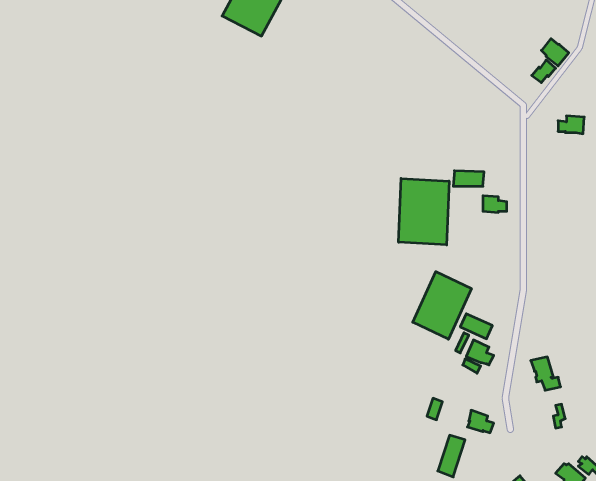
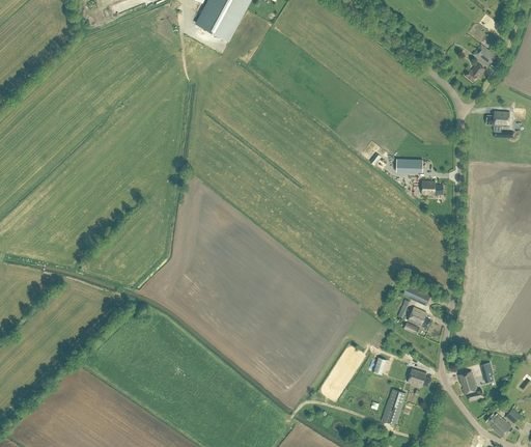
building: [399,178,449,245] -> none
building: [413,272,471,339] -> none
building: [531,357,561,390] -> [456,371,482,400]

